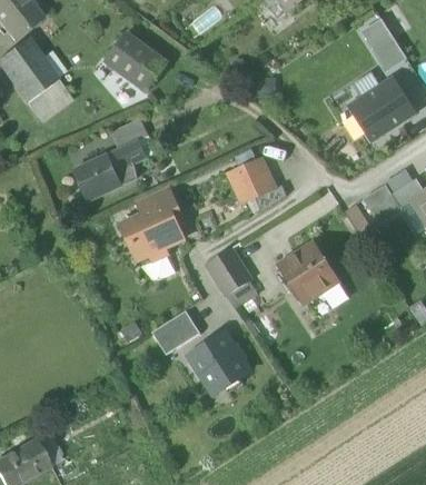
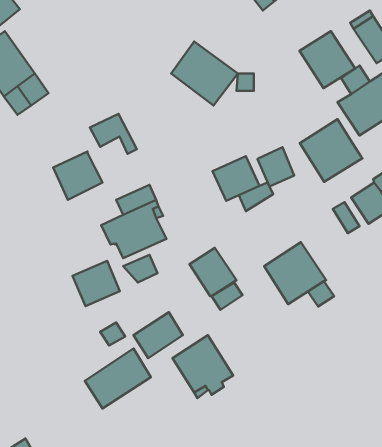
building: [103,30,168,92] -> [171,41,238,106]
building: none -> [299,31,355,88]
building: none -> [300,119,363,182]
building: [107,139,146,170] -> none
building: none -> [257,147,294,187]
building: none -> [73,261,120,306]
building: none -> [85,348,151,408]

